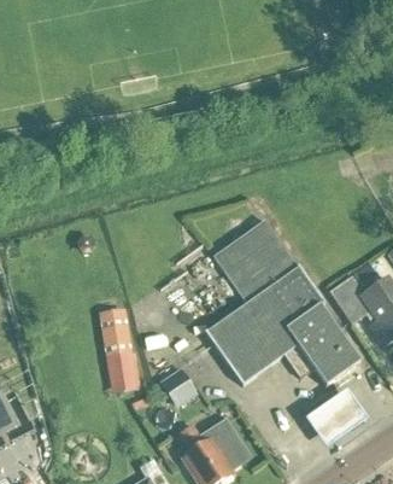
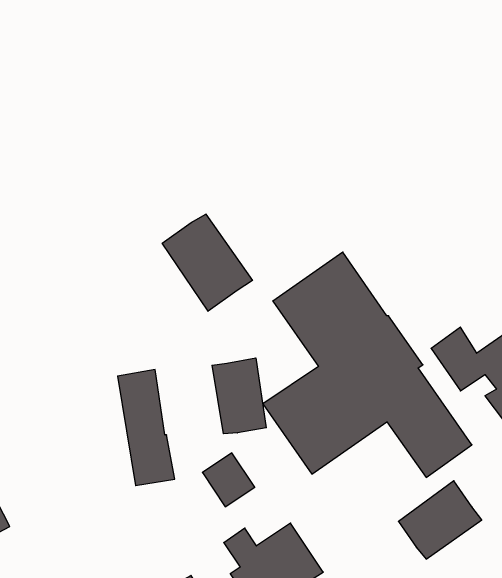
building: none -> [162,214,252,311]
building: none -> [212,358,266,434]

